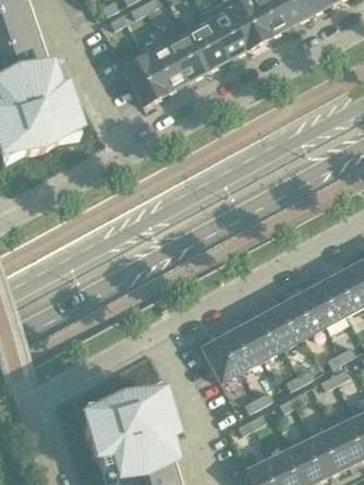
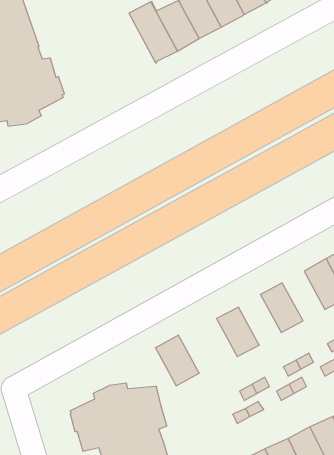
building: [123,46,166,105] -> none
building: [286,290,326,337] -> none
building: [244,312,284,360] -> none
building: [202,335,243,383] -> [155,335,199,386]

